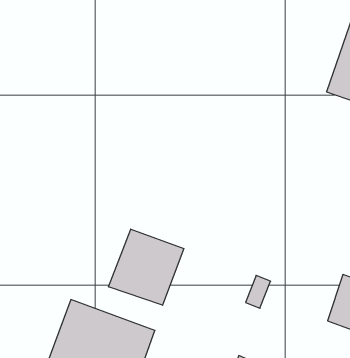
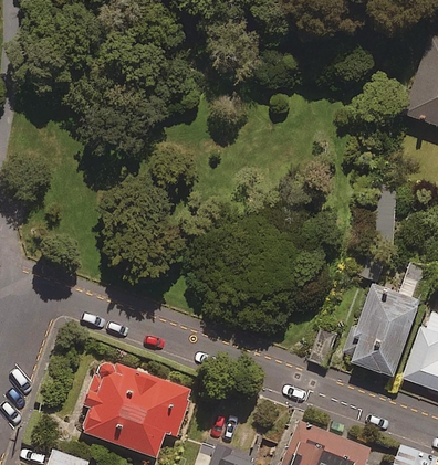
building: [109,229,184,305] -> none
building: none -> [343,284,420,380]

